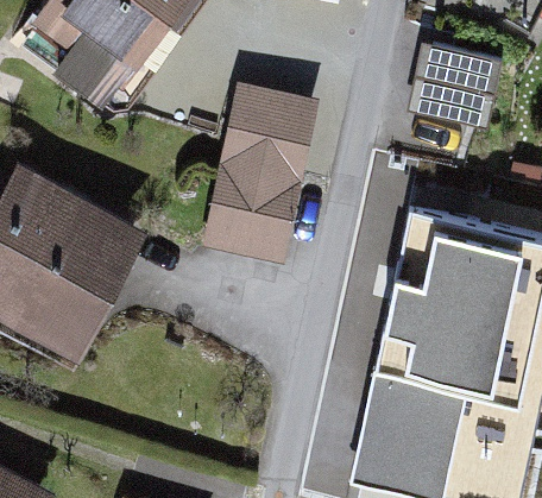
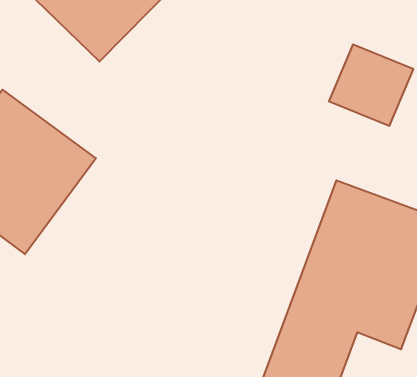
building: [207,84,311,254] -> none

